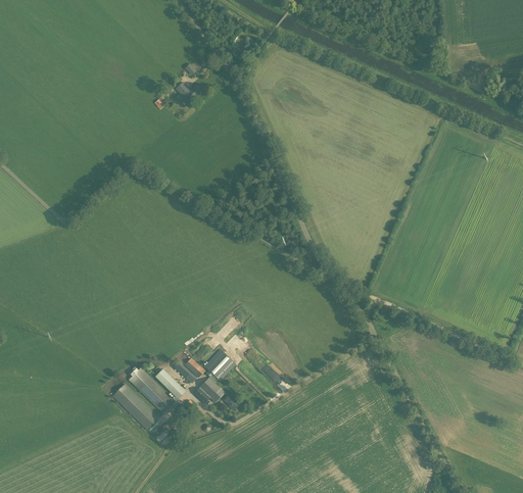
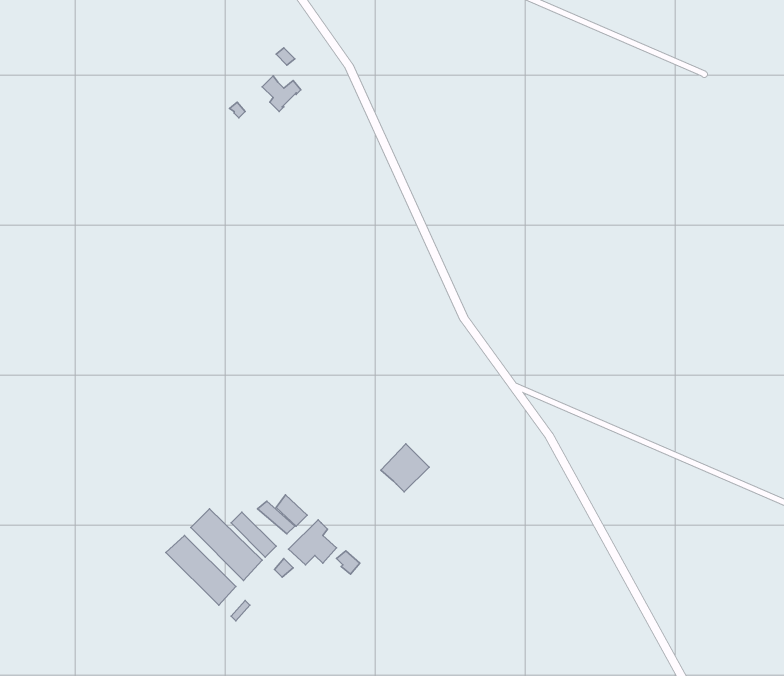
building: [203,349,235,381] -> [381,444,429,492]

